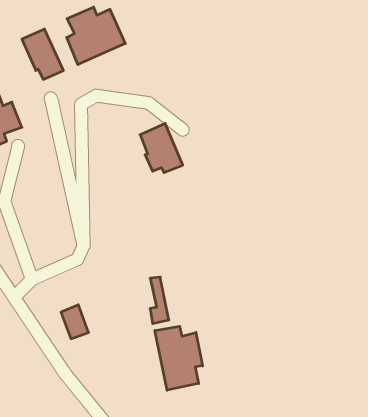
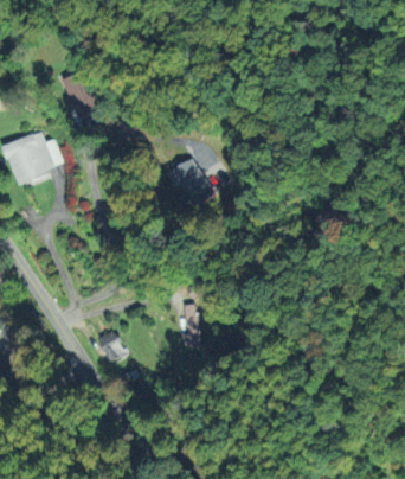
building: [67,7,125,65] -> none
building: [155,326,203,390] -> none

